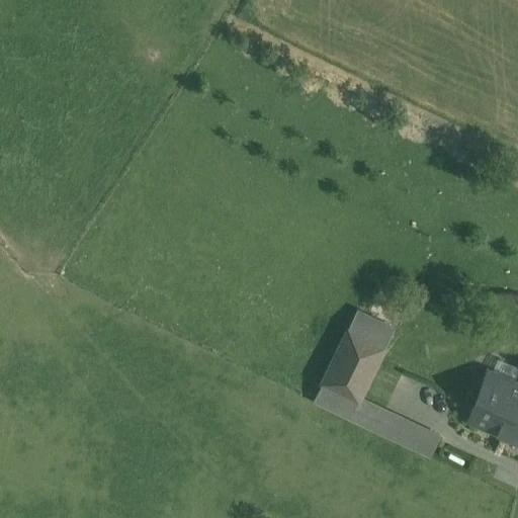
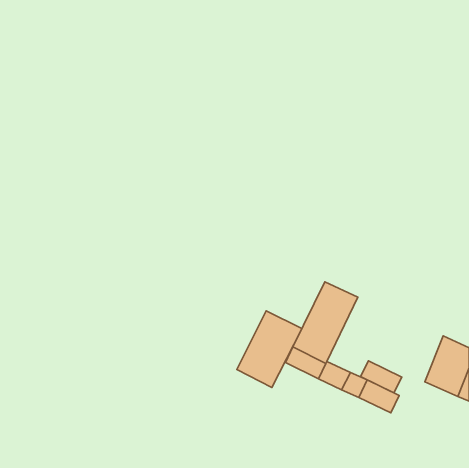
building: none -> [237,311,302,388]
building: none -> [360,361,402,393]

